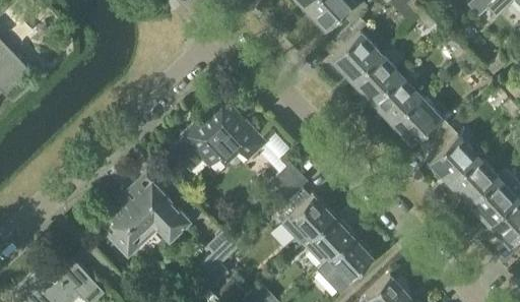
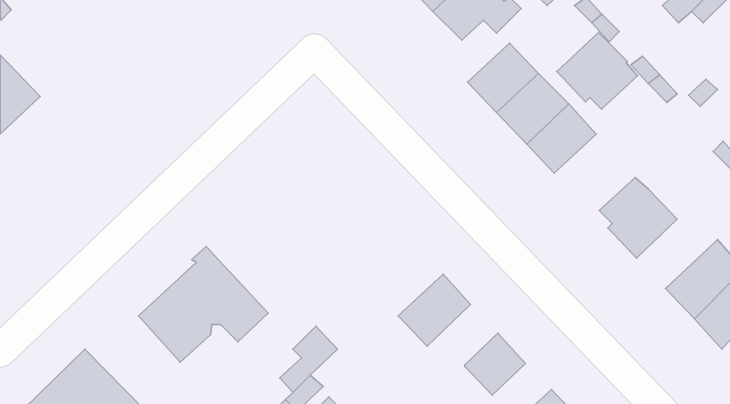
building: [171,97,304,201] -> none
building: [391,97,448,150] -> [557,33,638,109]
building: [449,157,499,205] -> none
building: [302,217,351,266] -> none

